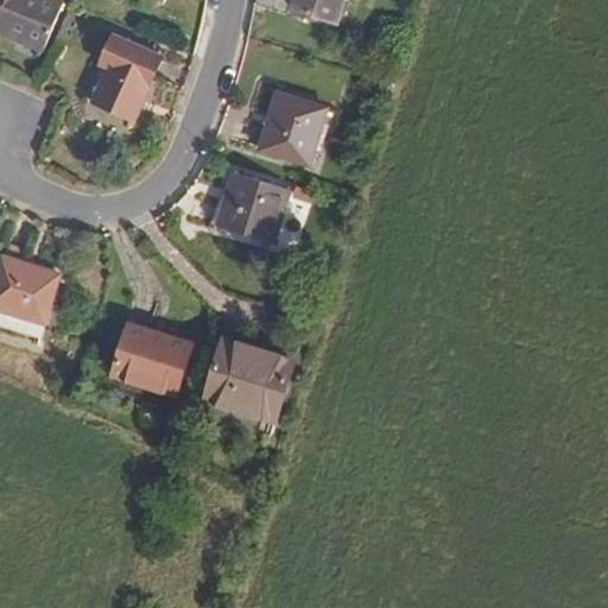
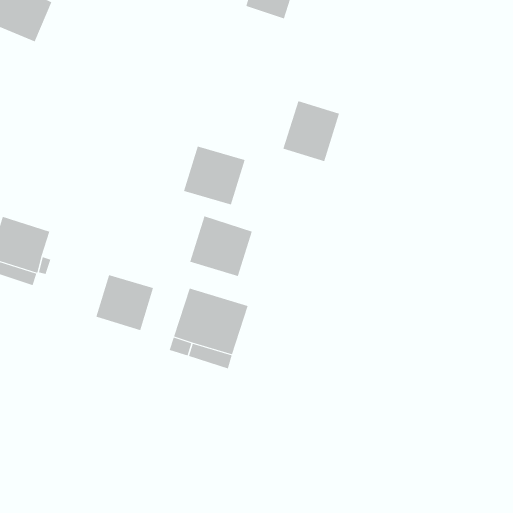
building: [93,34,160,121] -> none
building: [259,91,327,164] -> [283,100,340,162]
building: none -> [190,215,252,277]

